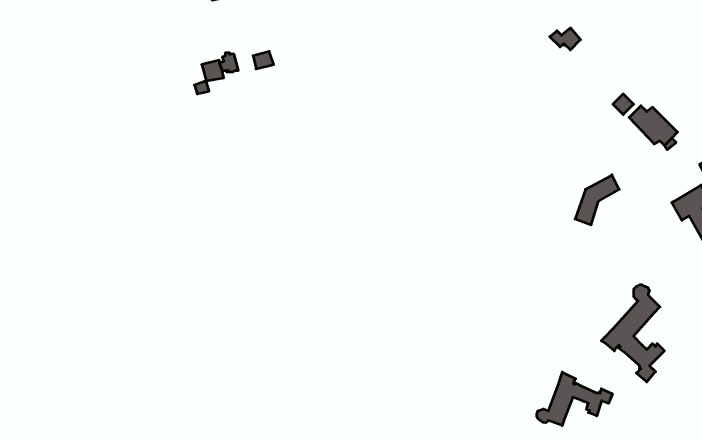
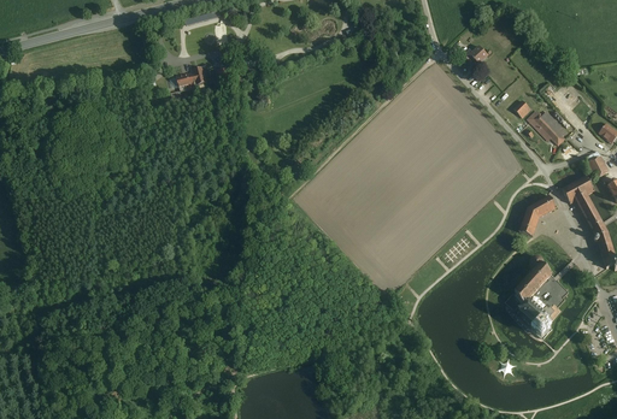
building: [575,175,619,225] -> [521,195,557,236]
building: [537,372,612,426] -> none

